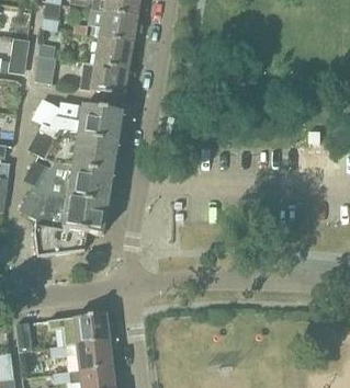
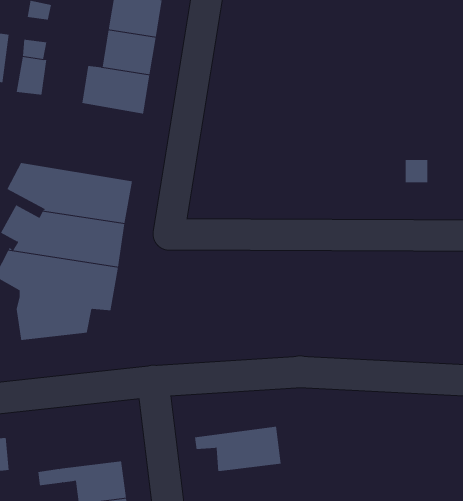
building: [33,100,122,144] -> none
building: [47,313,109,345] -> [194,426,282,472]

